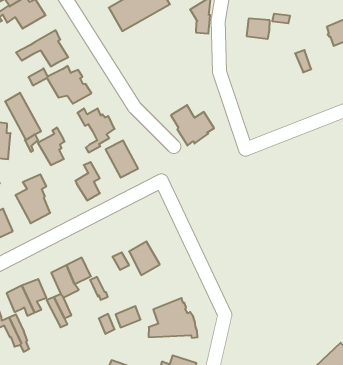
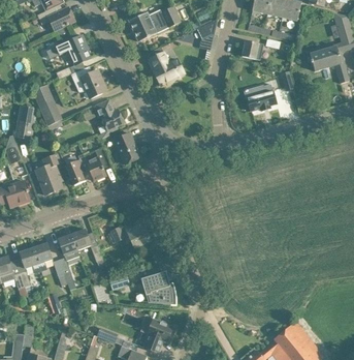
building: none -> [246,83,276,111]
building: [171,105,214,146] -> [149,51,184,85]
building: [38,128,65,165] -> [64,153,87,184]

